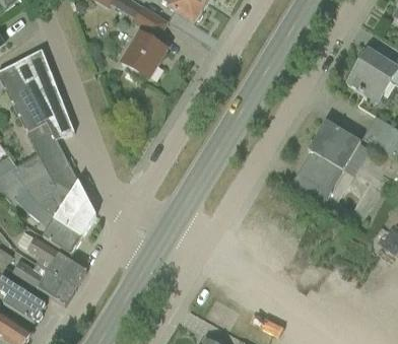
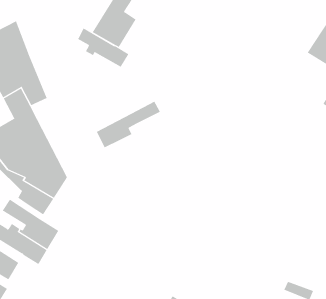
building: none -> [77,27,129,68]
building: [290,120,361,204] -> none
building: none -> [96,101,161,148]

